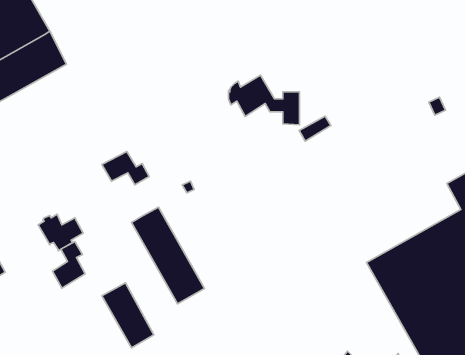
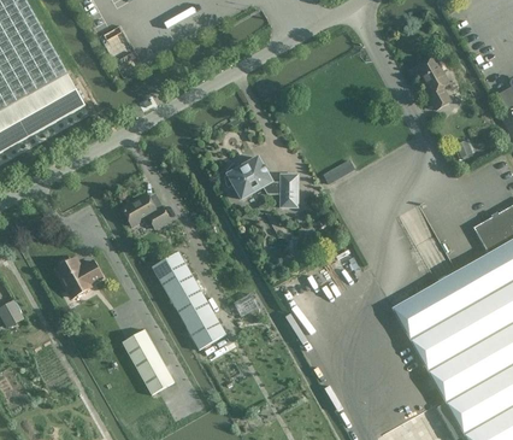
building: none -> [417,57,450,108]
building: [229,75,299,125] -> [225,157,297,207]
building: [52,242,85,288] -> none

